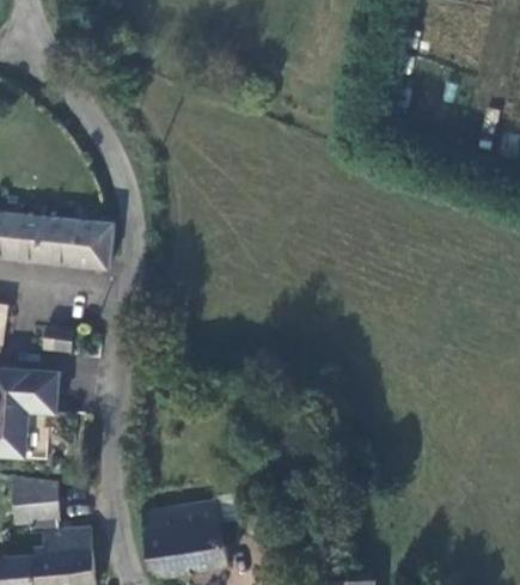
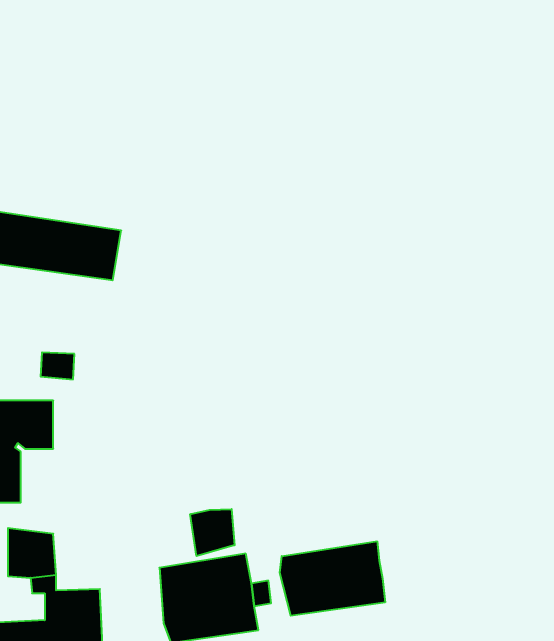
building: none -> [190,509,235,556]
building: none -> [280,541,385,616]

